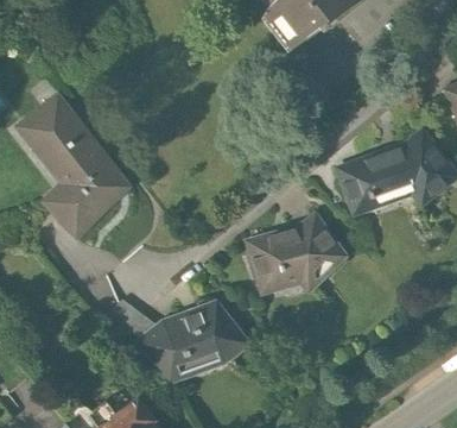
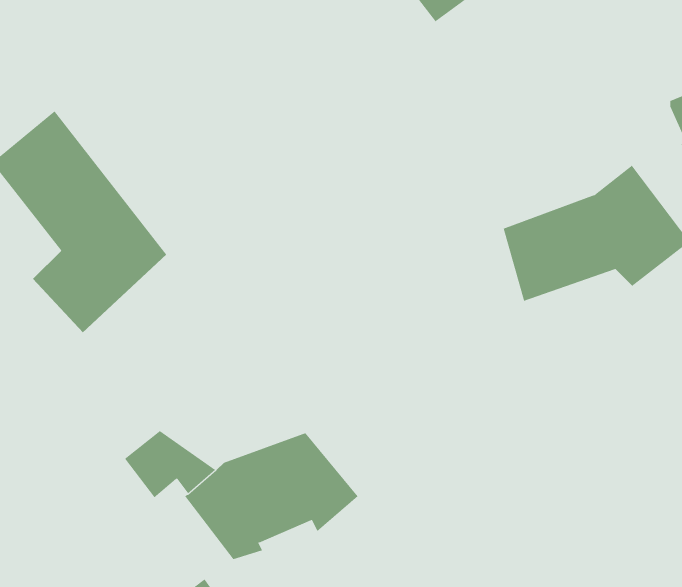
building: [240,216,341,298] -> none

